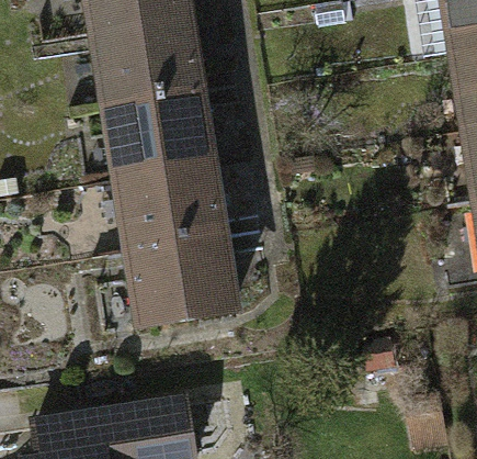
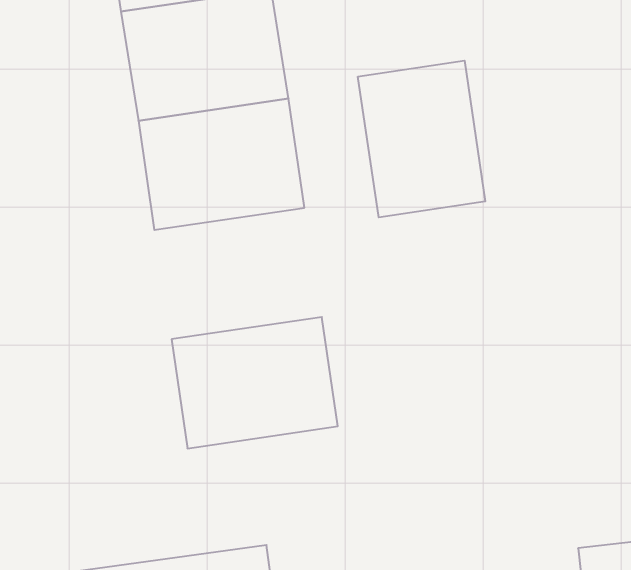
building: none -> [358,61,485,217]
building: [113,160,229,251] -> none

